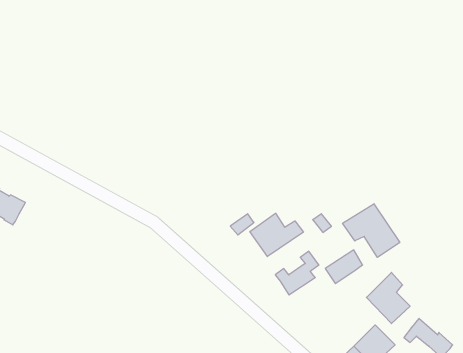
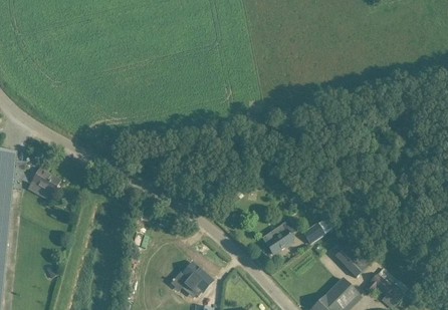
building: [343,204,400,257] -> none
building: [250,213,303,257] -> none
building: none -> [175,262,212,296]

